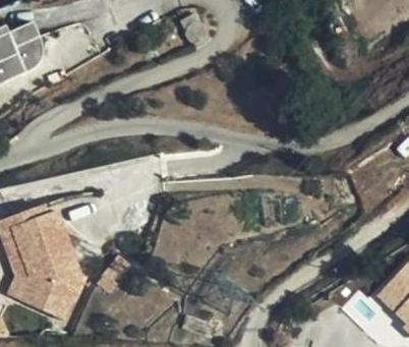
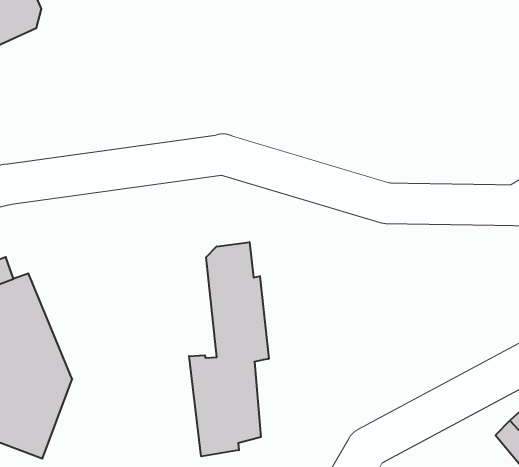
building: none -> [189,242,269,456]

